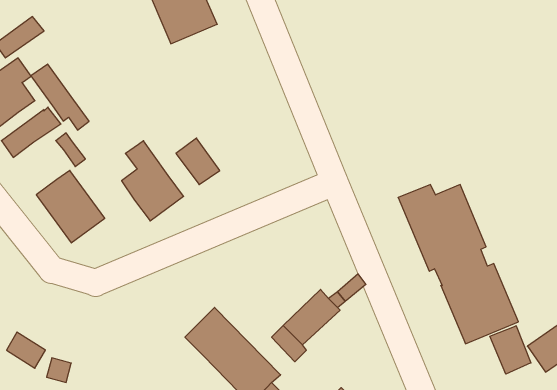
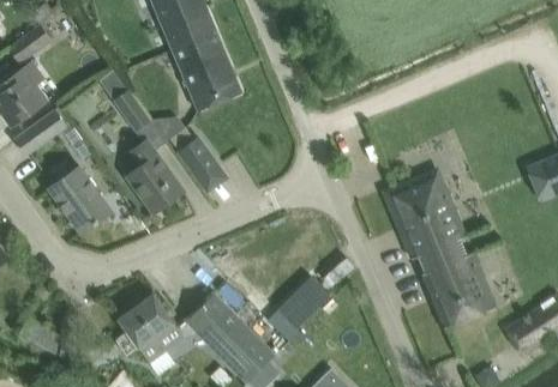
building: none -> [173,31,241,111]
building: [31,64,89,130] -> [113,90,167,151]
building: none -> [115,294,185,364]
building: [490,326,531,374] -> none

